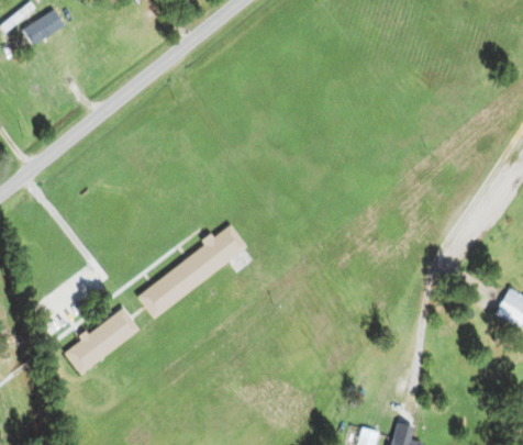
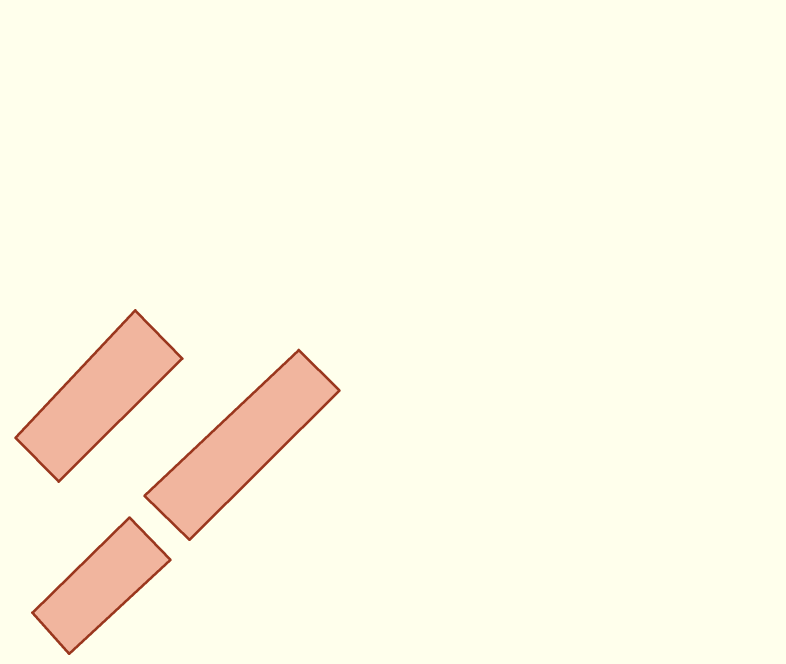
building: none -> [16,310,182,482]

